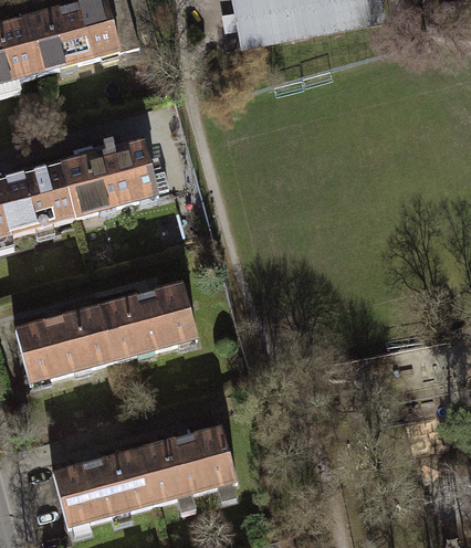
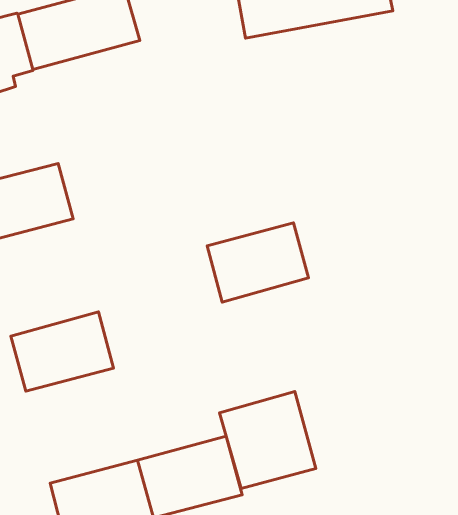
building: [60,140,167,217] -> none
building: [98,284,196,360] -> [207,223,308,302]
building: none -> [219,391,316,488]

